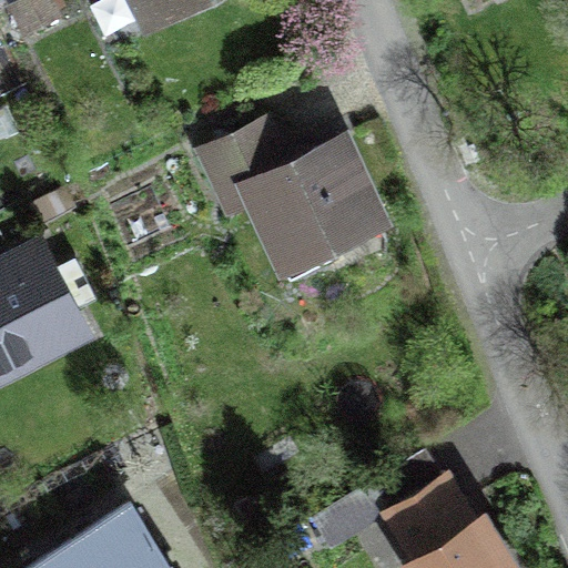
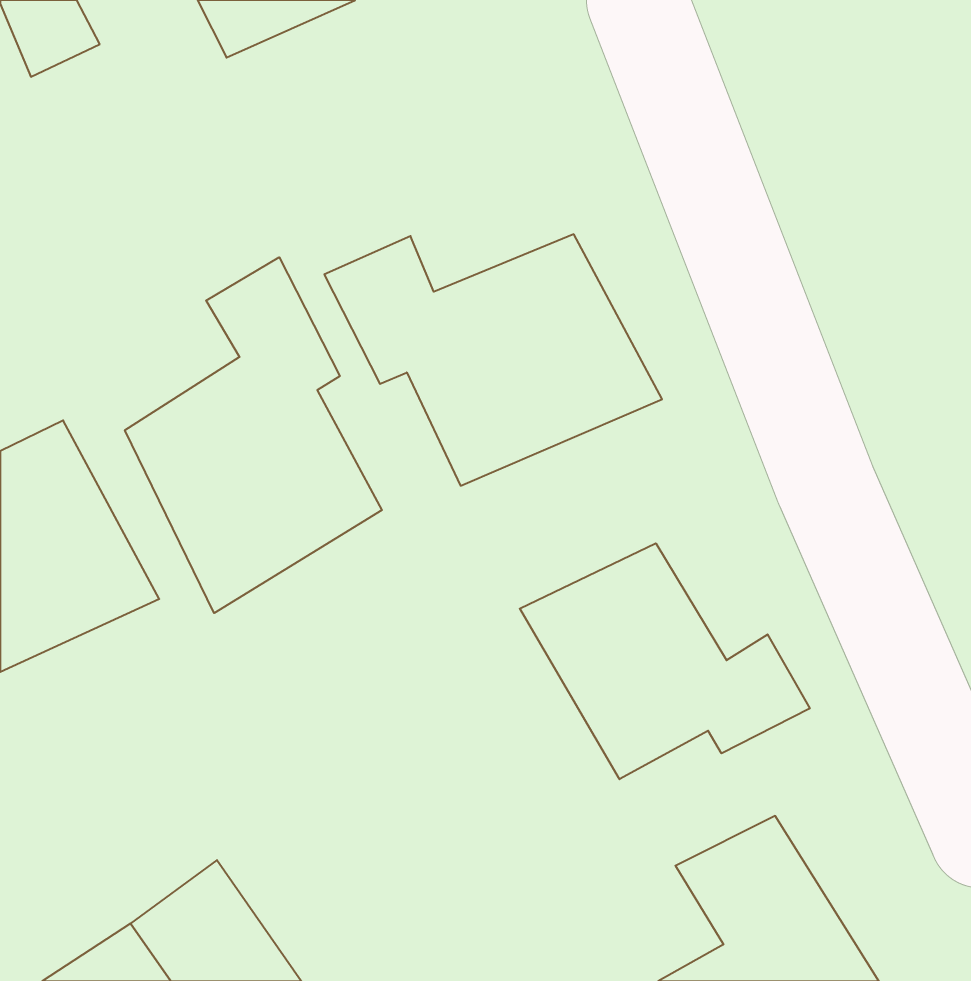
building: none -> [125,257,382,613]
building: none -> [520,543,810,779]

